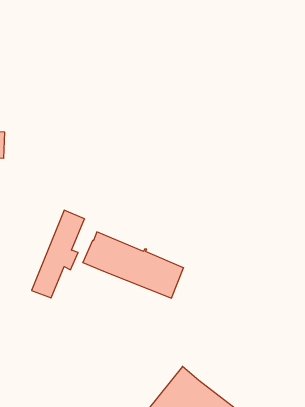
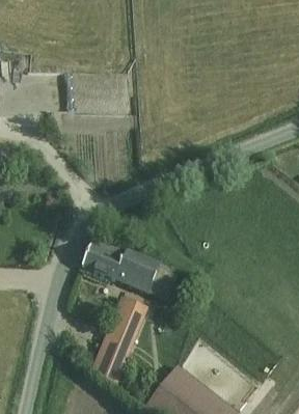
building: [32,210,85,298] -> [91,295,142,379]

